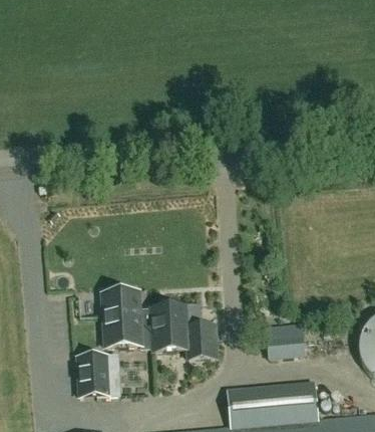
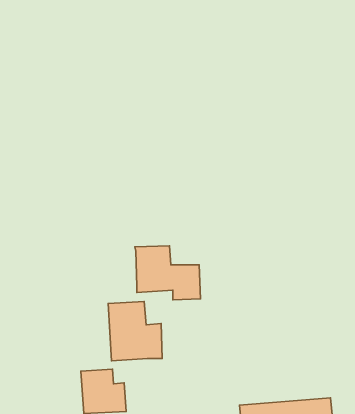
building: [152,306,215,358] -> [135,246,200,300]
building: [267,334,304,358] -> none

